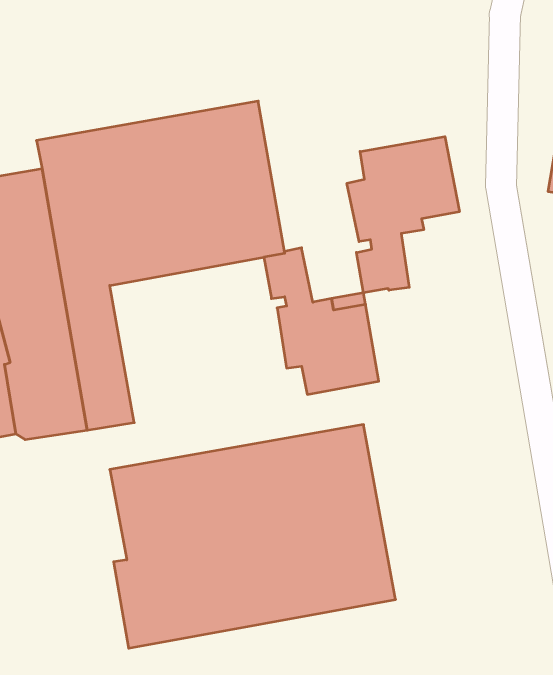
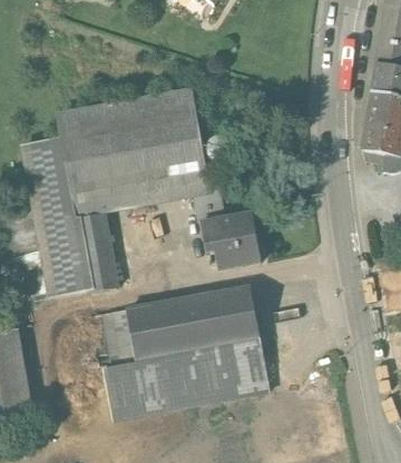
building: [347,137,459,293] -> none

